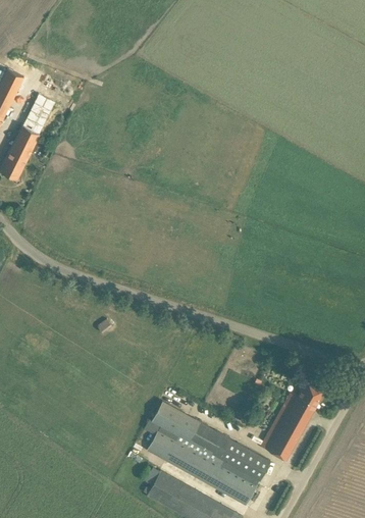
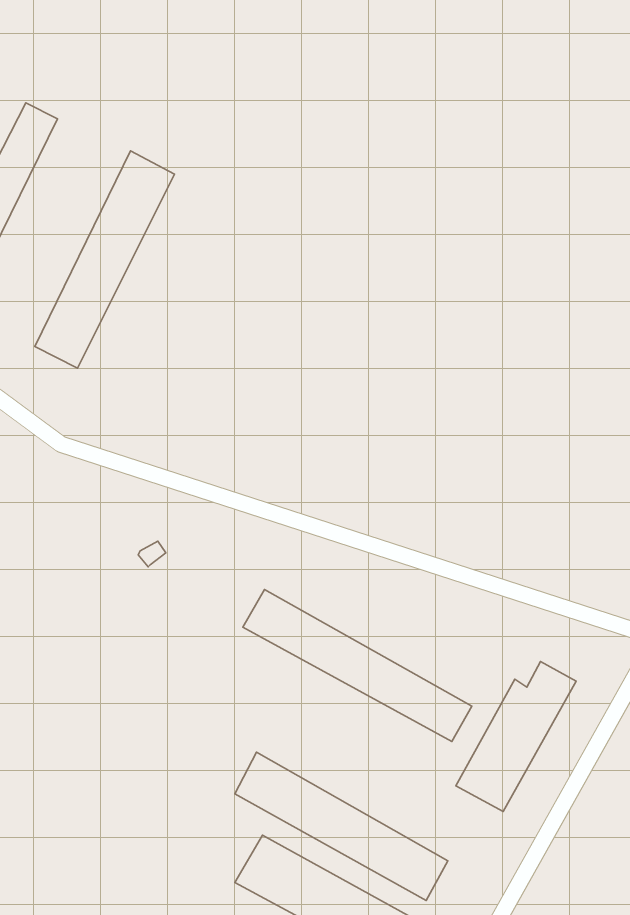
building: none -> [35,151,175,368]
building: [153,401,271,479] -> [243,590,472,742]

